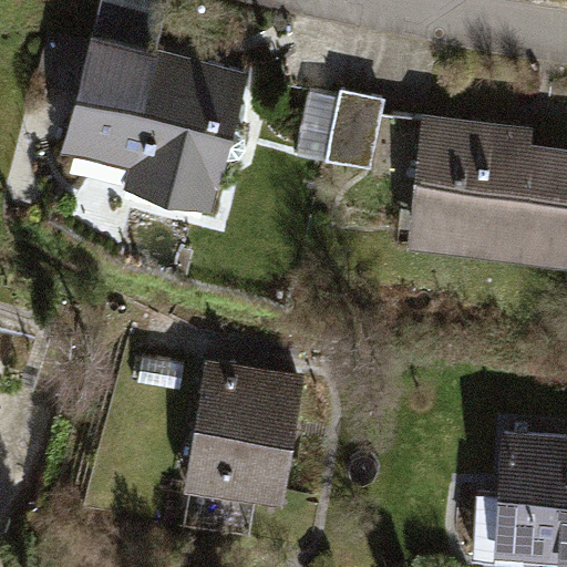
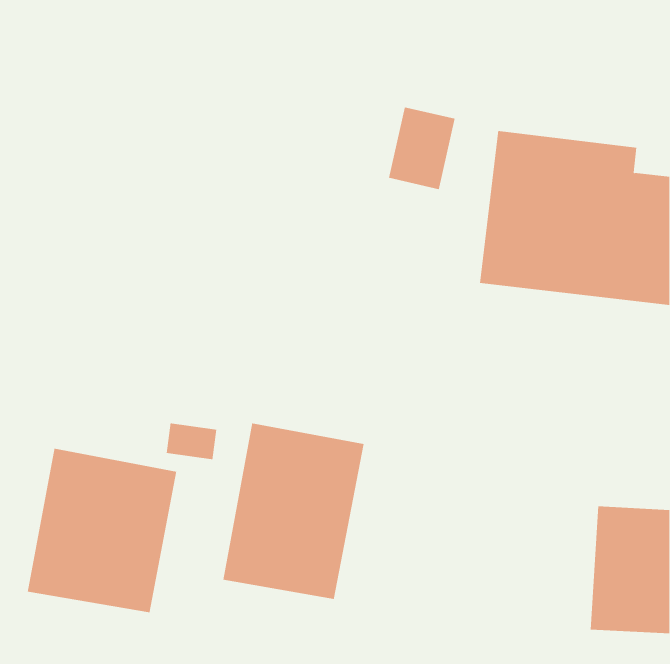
building: [56,34,250,219] -> none
building: none -> [27,448,177,613]

